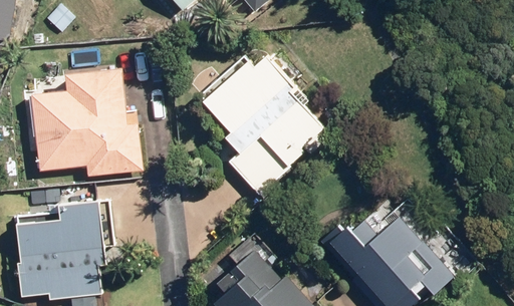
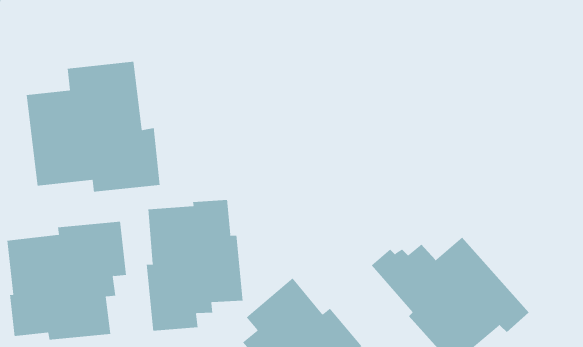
building: [199,52,324,195] -> none
building: none -> [146,199,243,331]

